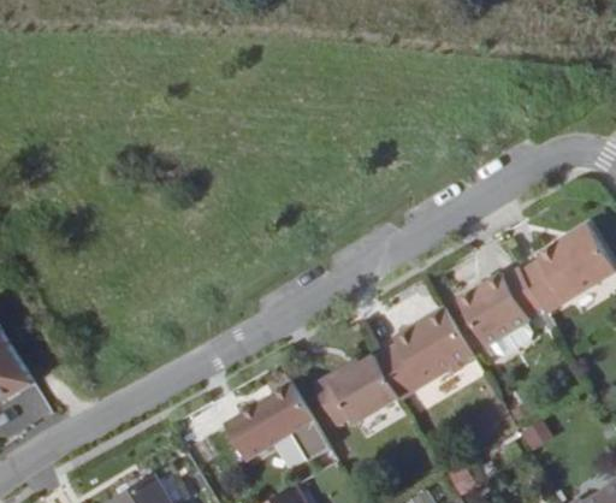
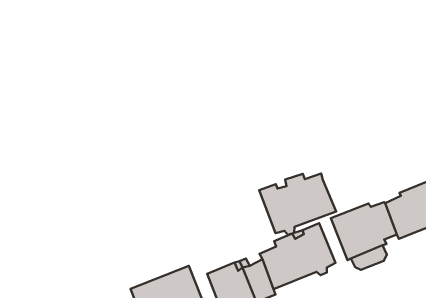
building: none -> [259,173,336,235]

